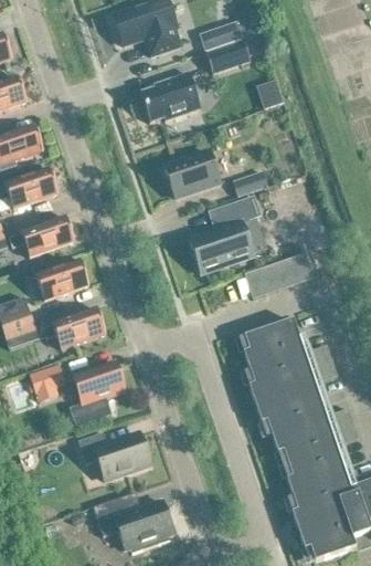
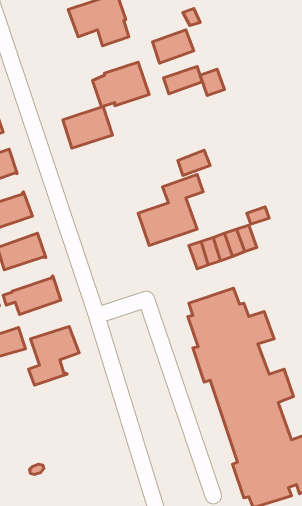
building: [199,21,241,51] -> [164,67,202,94]
building: [165,151,219,197] -> [63,107,112,148]
building: [77,431,149,480] -> none
building: [93,496,173,553] -> none

